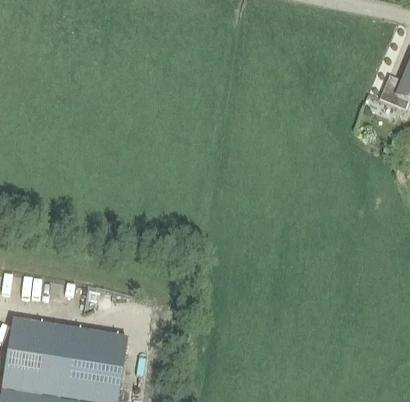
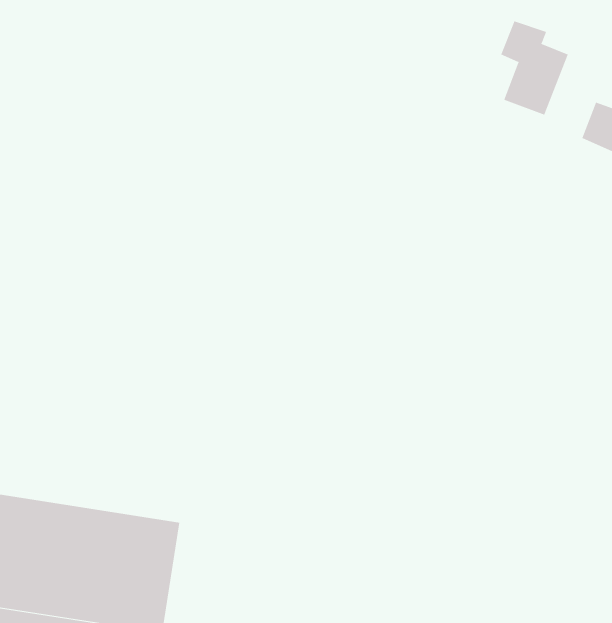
building: none -> [501,21,568,115]

